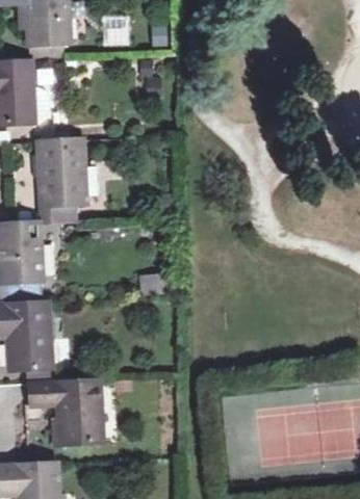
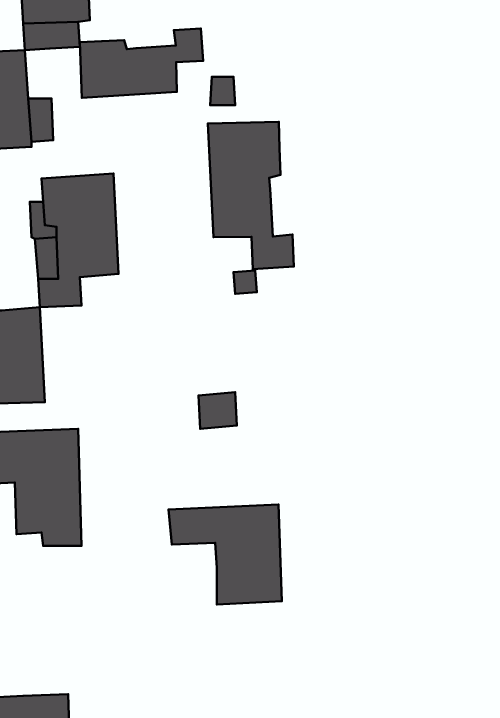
building: none -> [80,29,203,98]
building: none -> [208,122,294,269]
building: [28,379,99,442] -> [168,504,282,605]

